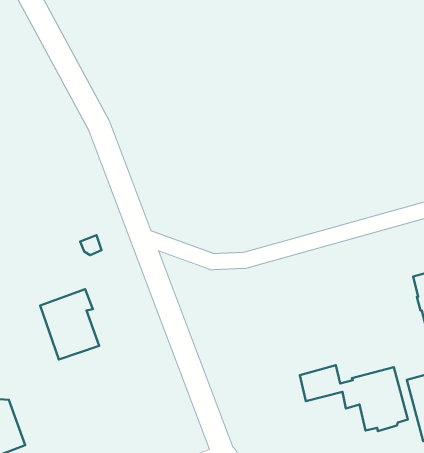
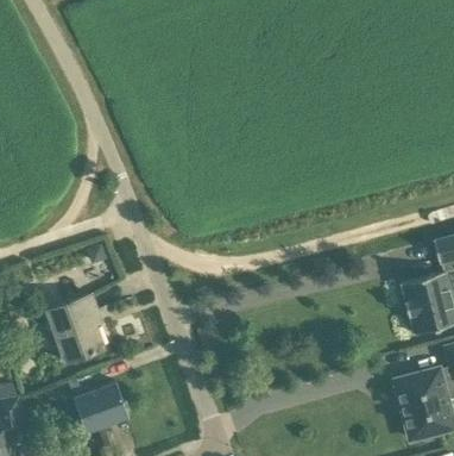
building: [300,365,408,431] -> none
building: none -> [64,382,130,433]

